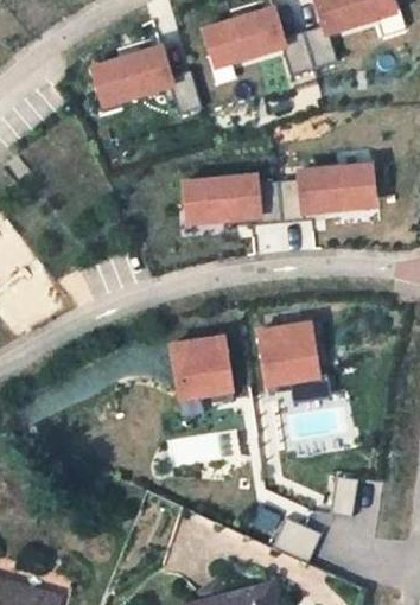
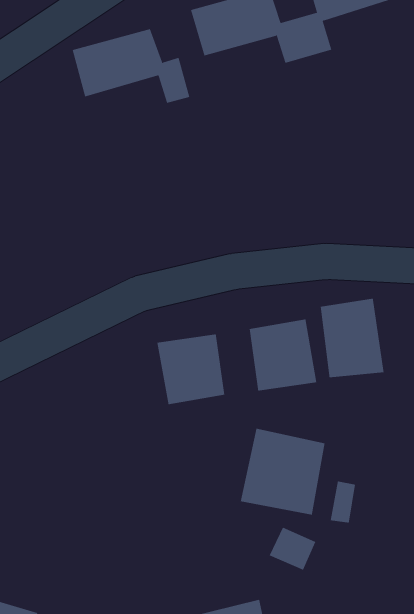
building: [183,161,377,225] -> none
building: none -> [320,298,384,378]
building: none -> [240,428,325,515]

